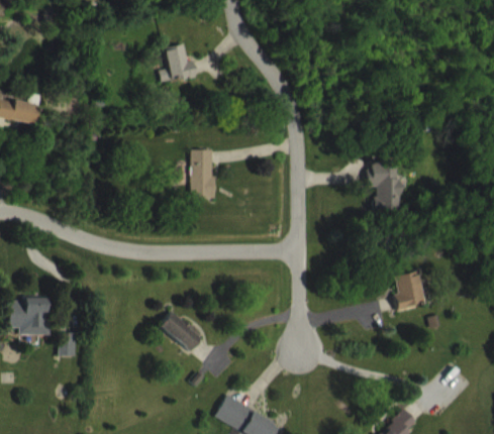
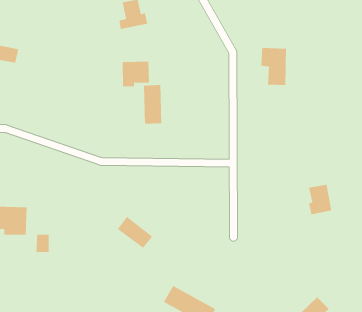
building: none -> [122,61,150,87]
building: [365,162,397,210] -> [261,47,287,86]

